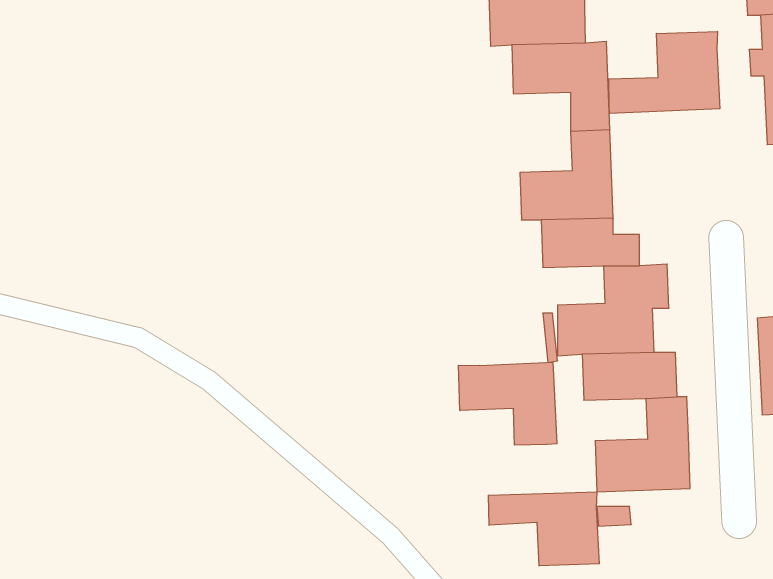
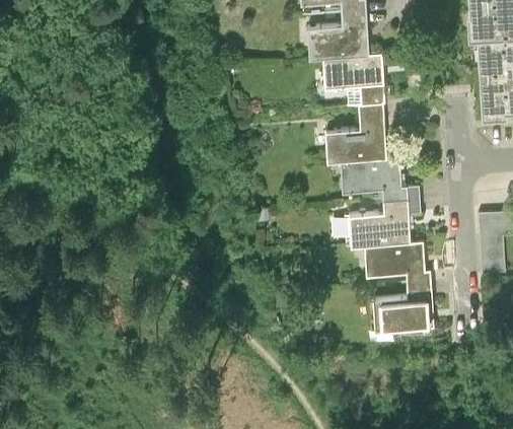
building: [609,31,720,114] -> none
building: [458,362,557,445] -> none
building: [488,492,599,566] -> none

